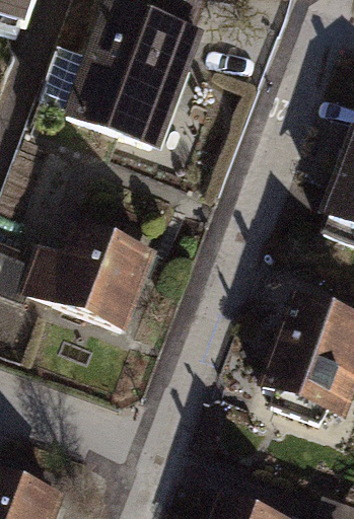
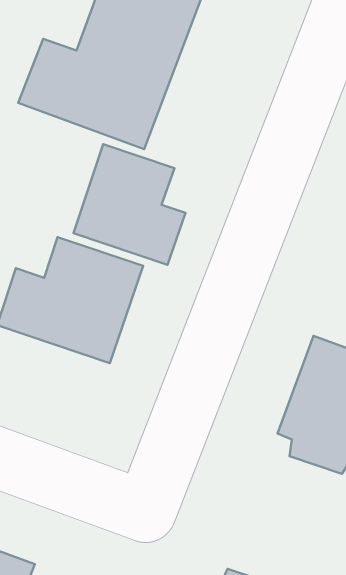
building: none -> [74,144,185,265]

